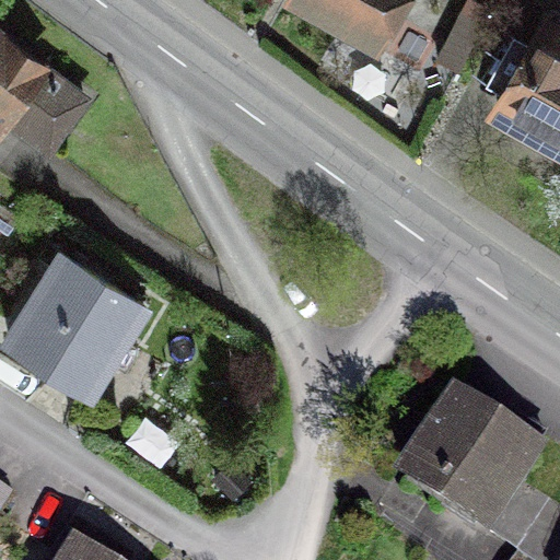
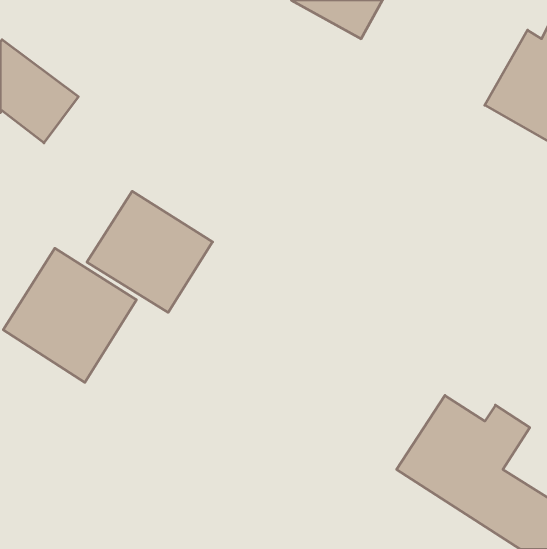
building: none -> [87,191,213,312]

